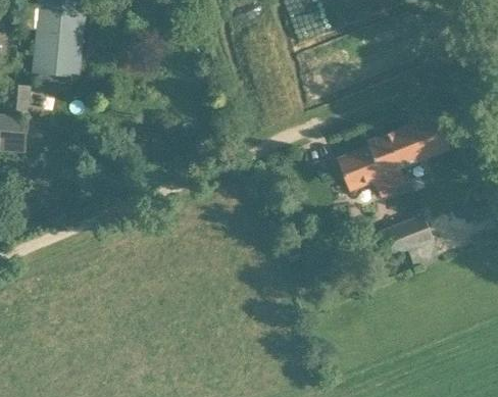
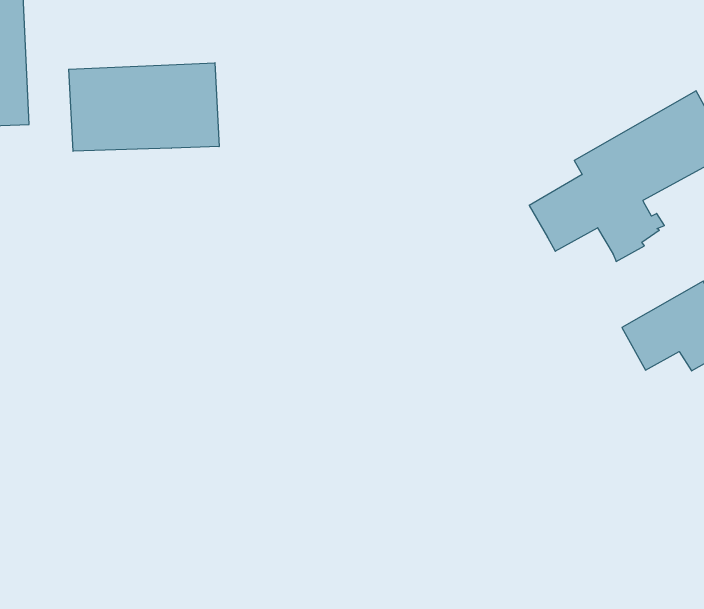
building: none -> [69,63,219,151]

